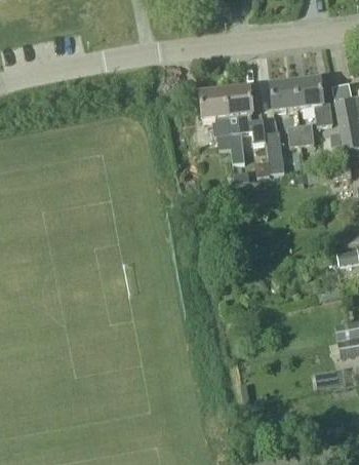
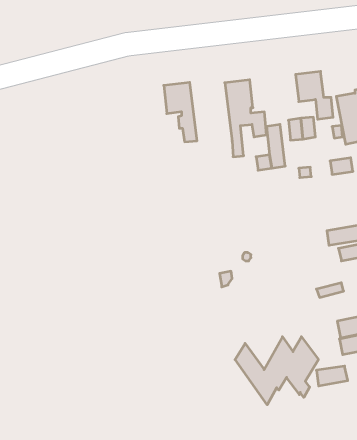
building: [269,81,297,111] -> none
building: [199,89,232,148] -> [164,82,197,142]
building: none -> [235,337,318,405]

